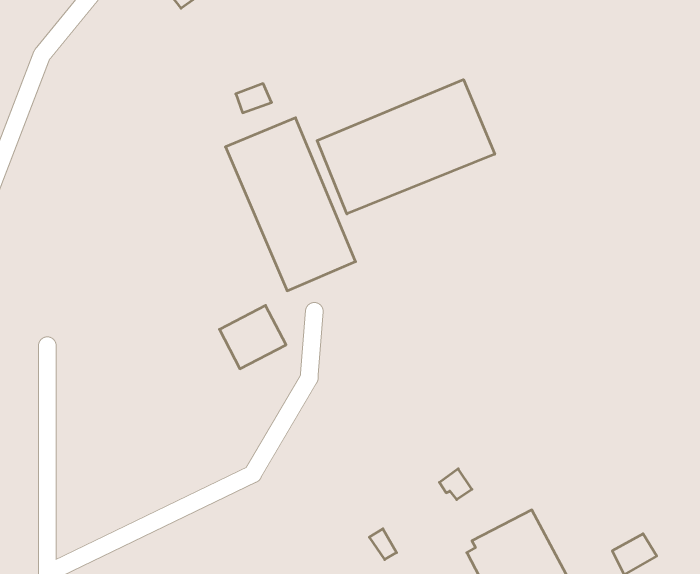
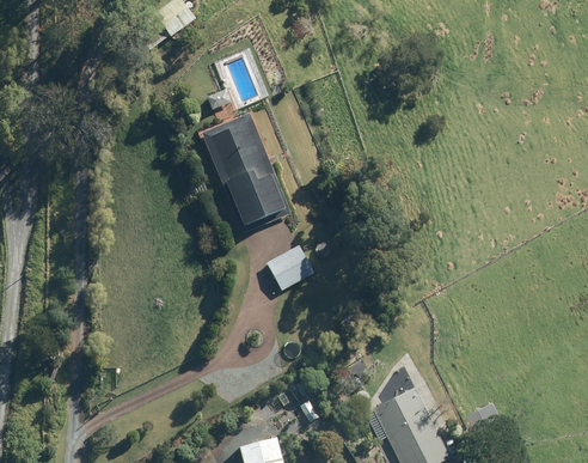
building: [317,80,495,214] -> none
building: [219,305,286,369] -> [267,245,313,290]

